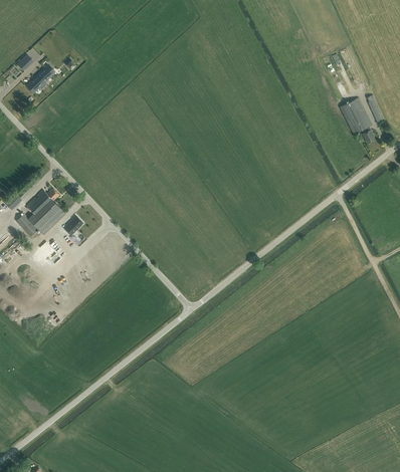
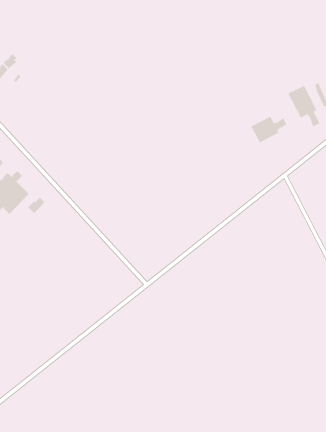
building: none -> [250,115,288,144]

